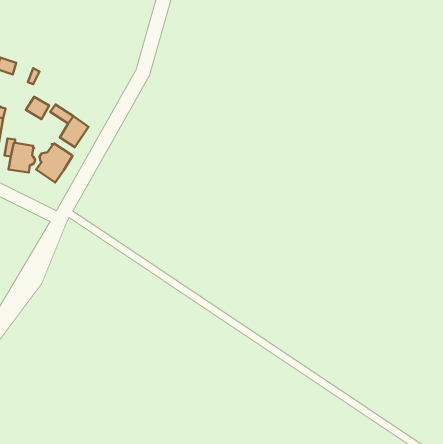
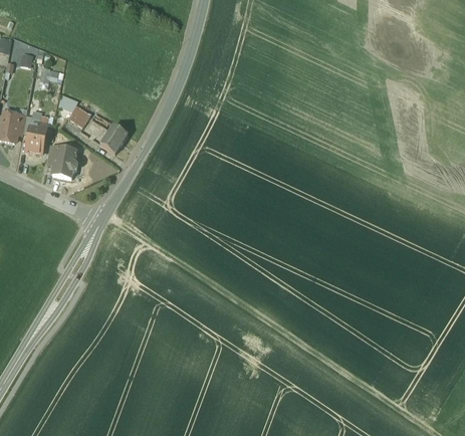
building: [36,143,72,183] -> none

